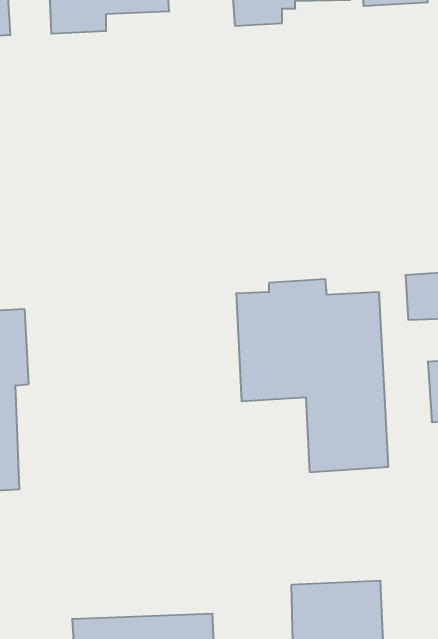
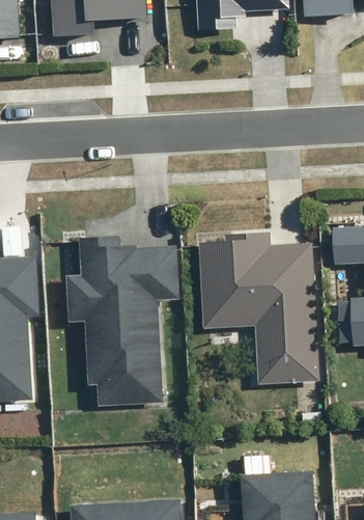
building: none -> [66,236,178,405]

